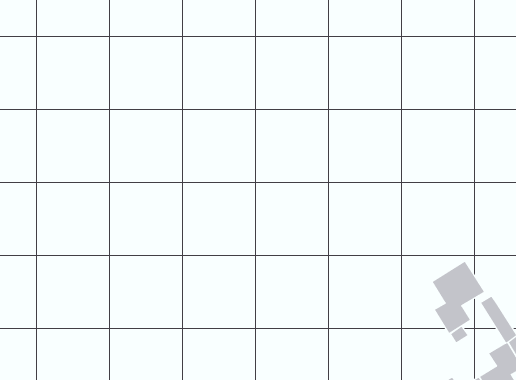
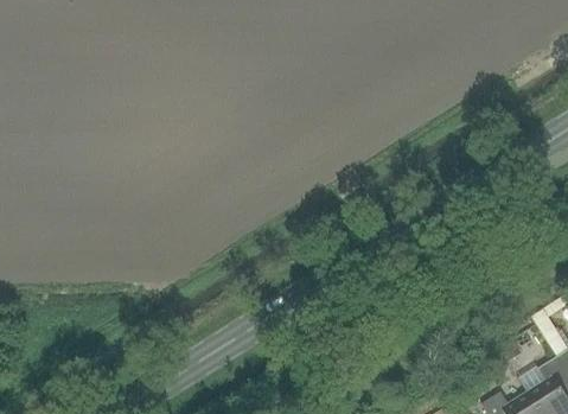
building: [432,261,485,334] -> none

